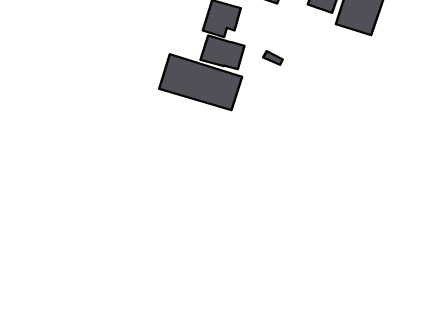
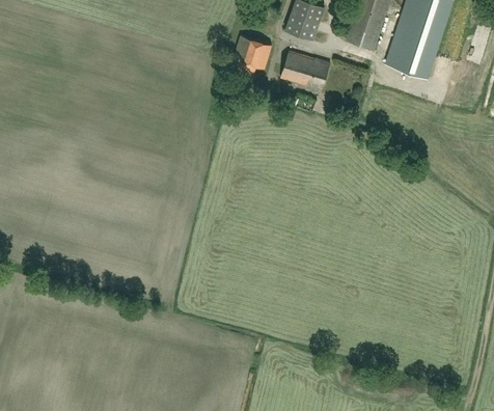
building: [201,36,244,69] -> [284,52,333,89]
building: [159,54,242,110] -> none

